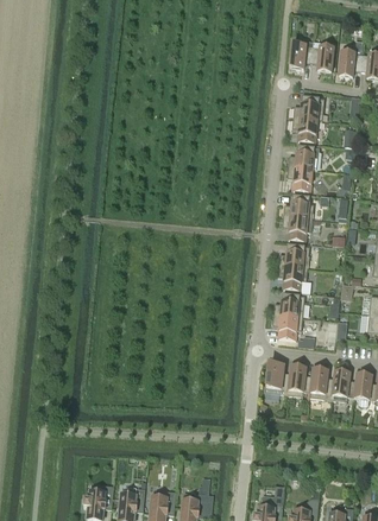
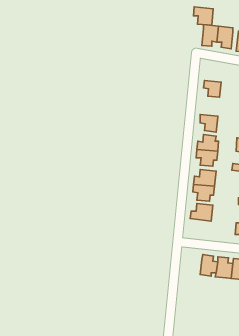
building: none -> [193,7,213,25]
building: [294,95,325,120] -> none
building: [288,145,320,169] -> none
building: [272,313,303,338] -> none
building: [266,362,290,393] -> none

